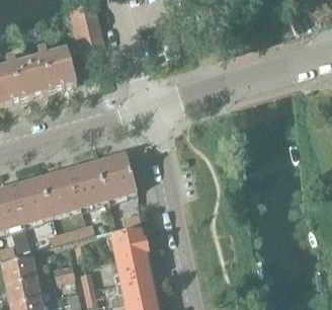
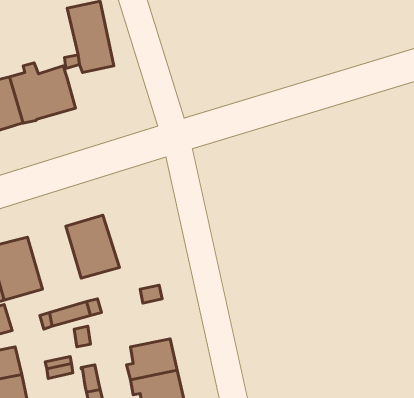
building: [96,151,137,199] -> none
building: [40,168,80,215] -> none
building: [106,228,149,257] -> none

